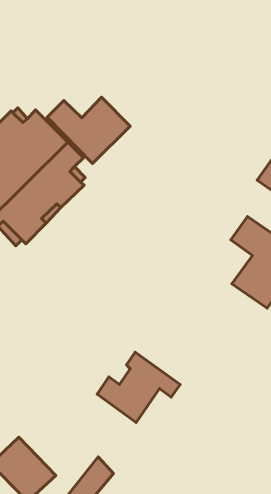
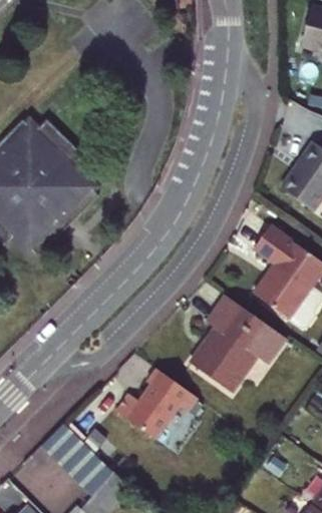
building: [47,97,130,164] -> none
building: none -> [186,293,281,390]
building: none -> [39,423,113,498]

